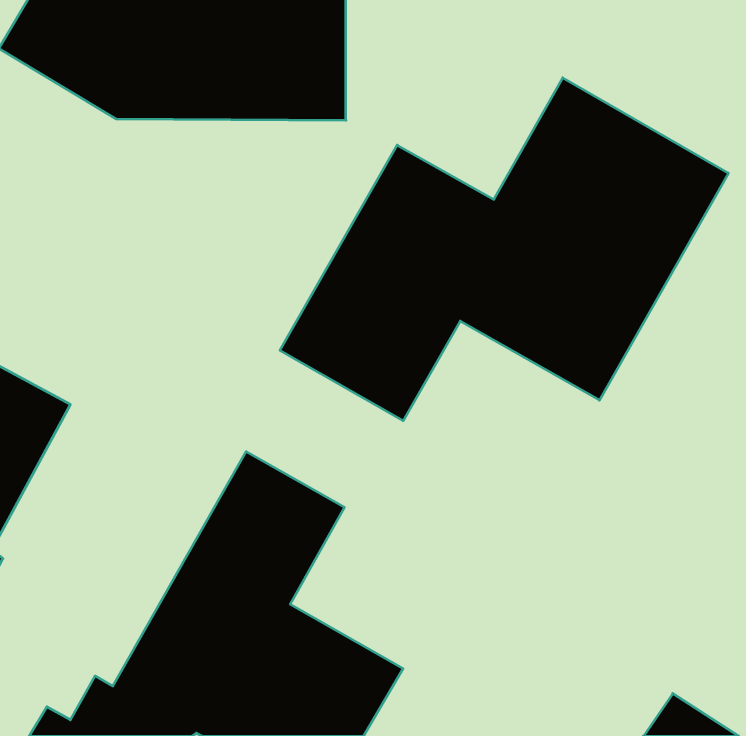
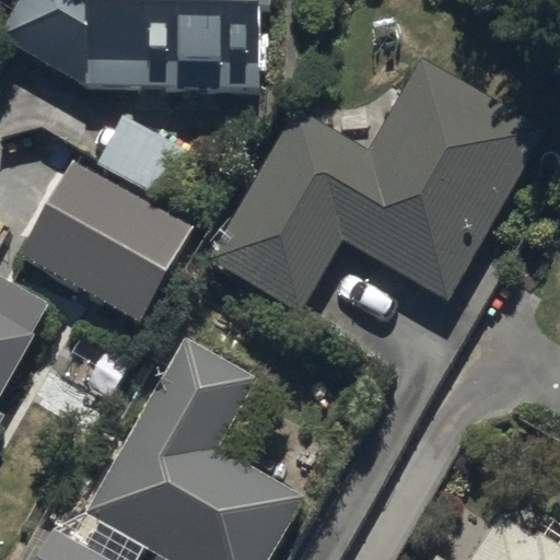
building: none -> [4,113,195,323]

